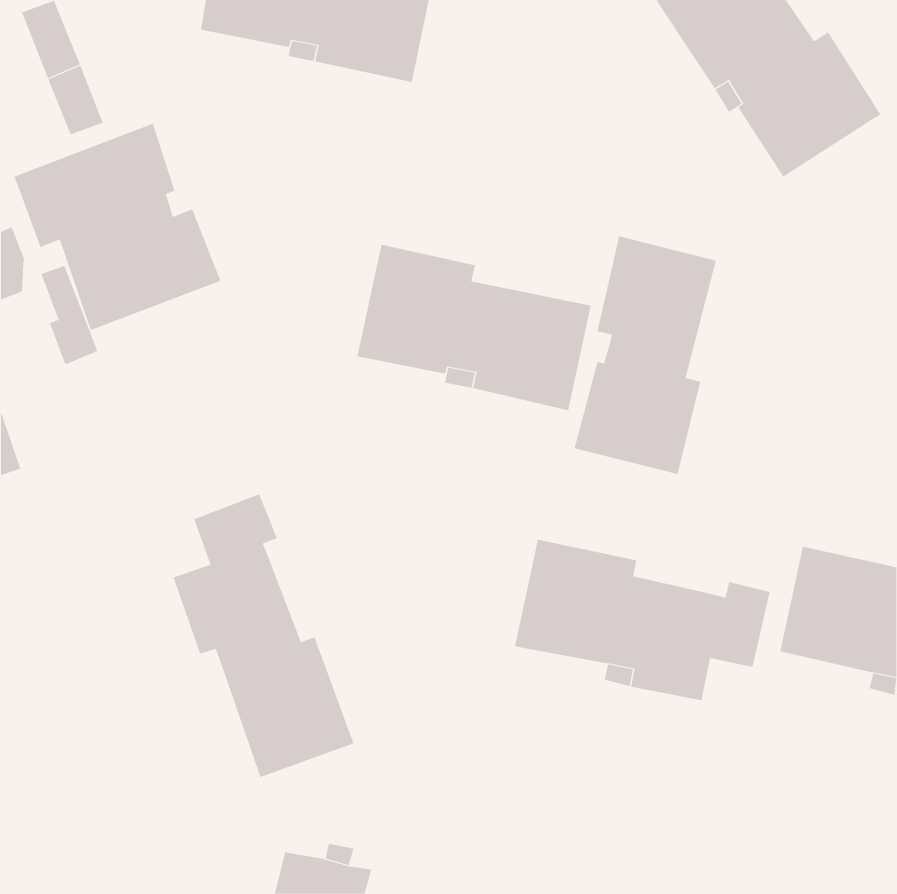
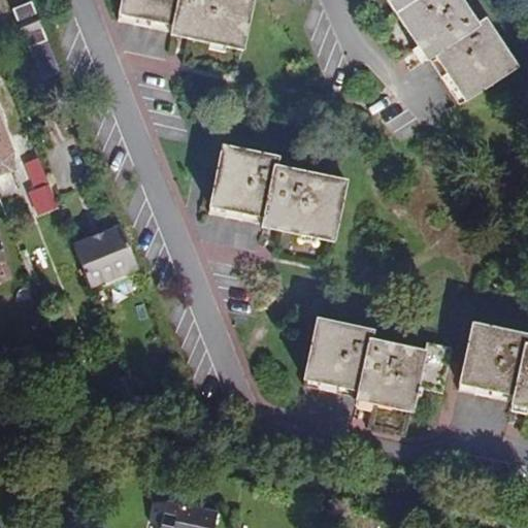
building: [14,123,221,331] -> none
building: [574,236,716,475] -> none
building: none -> [73,225,138,287]
building: [173,493,354,778] -> none

